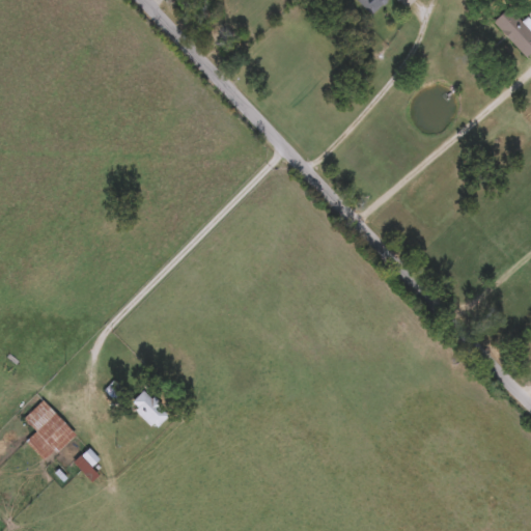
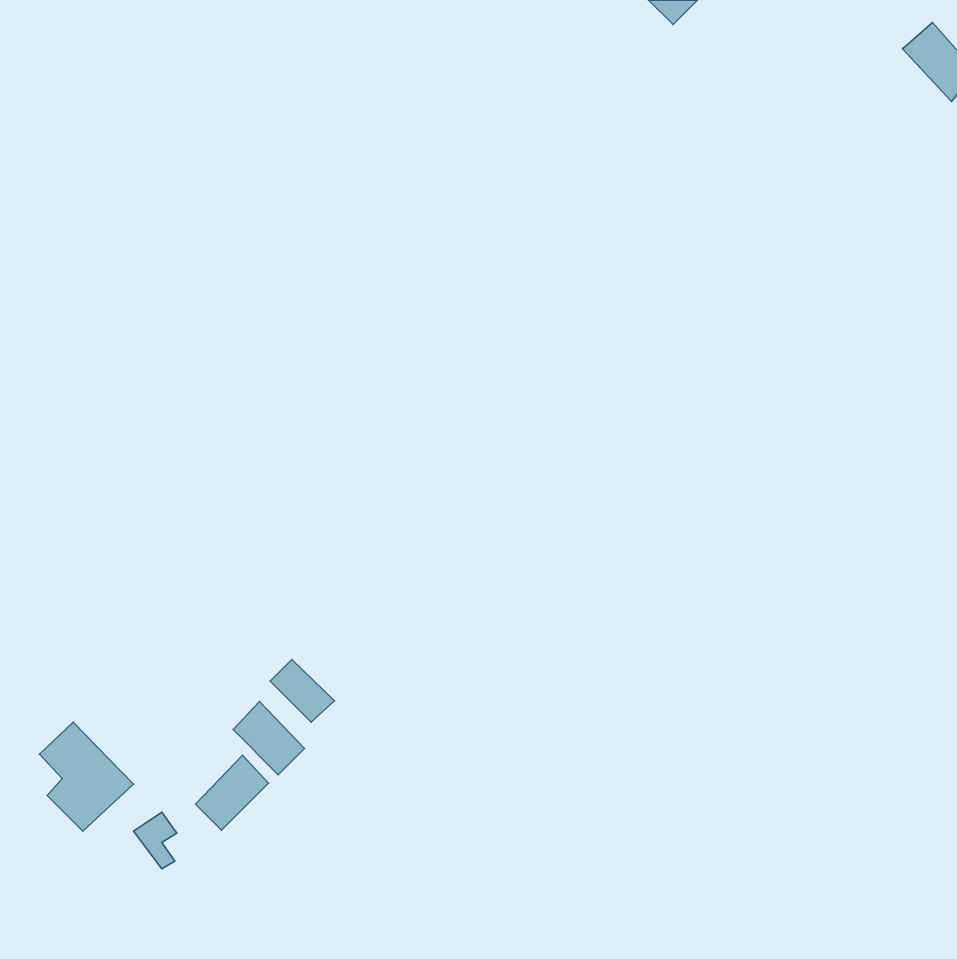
building: none -> [270,659,335,722]
building: none -> [195,755,268,830]

